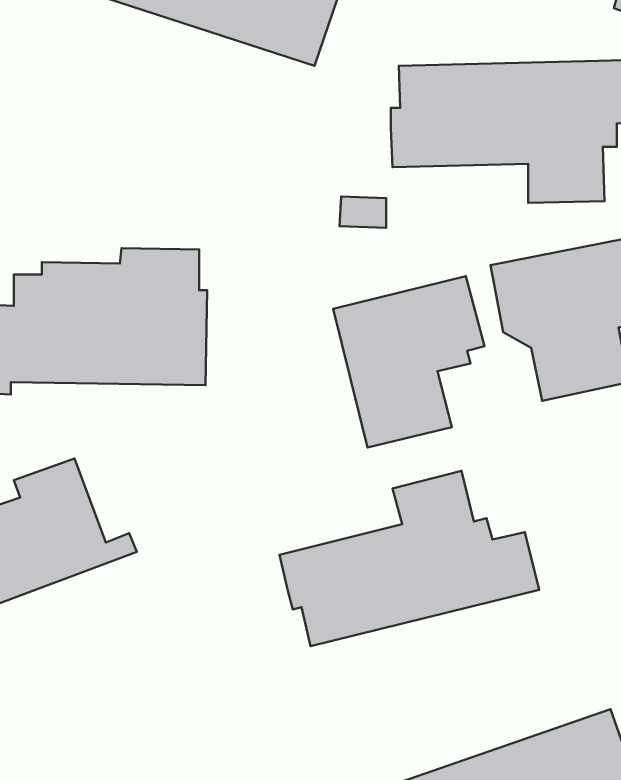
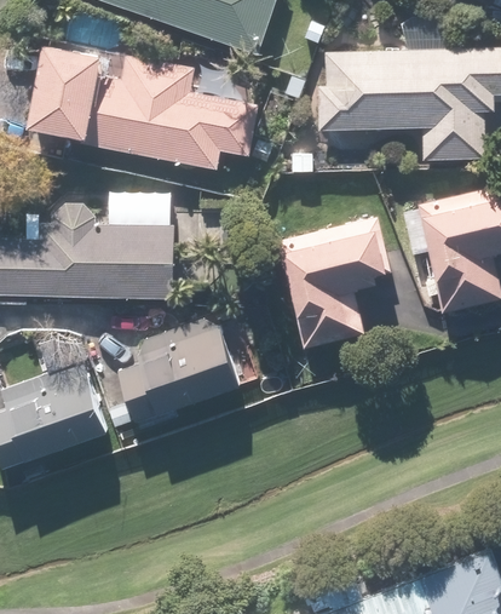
building: none -> [27,44,260,168]
building: none -> [119,316,243,423]
building: [280,471,539,646] -> none

